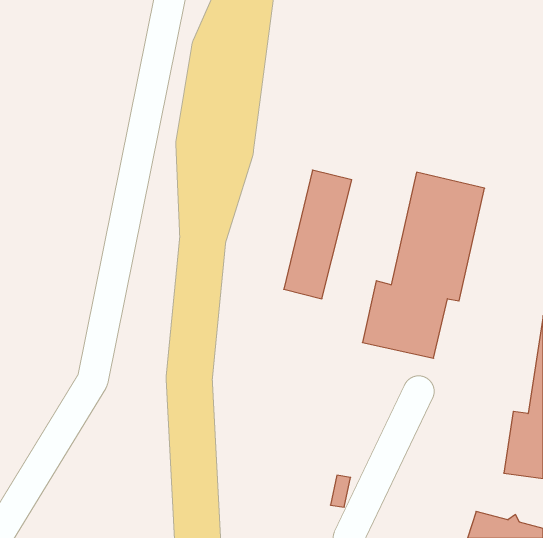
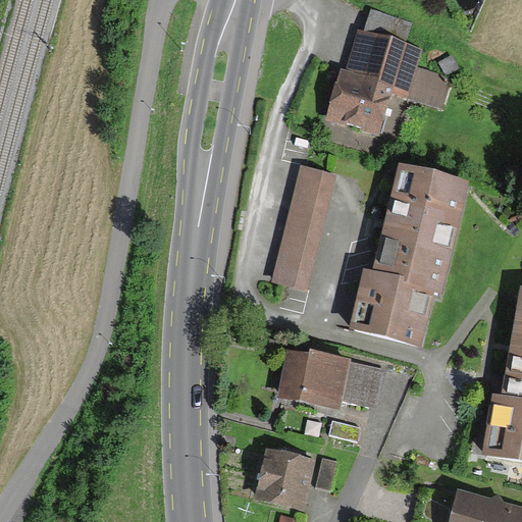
building: none -> [326,7,446,129]
building: none -> [276,348,377,406]
building: none -> [257,449,314,509]

